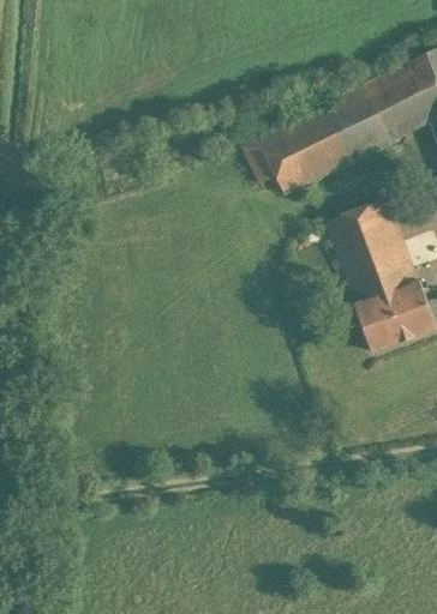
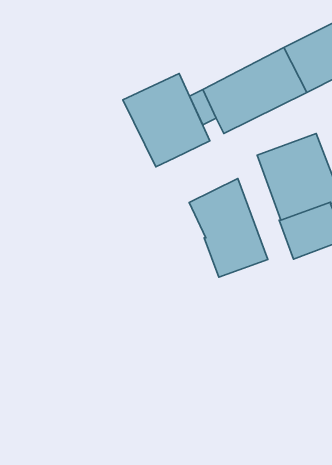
building: none -> [123,73,210,167]
building: none -> [189,179,268,277]

